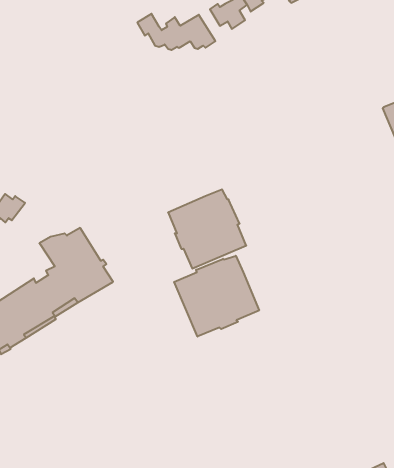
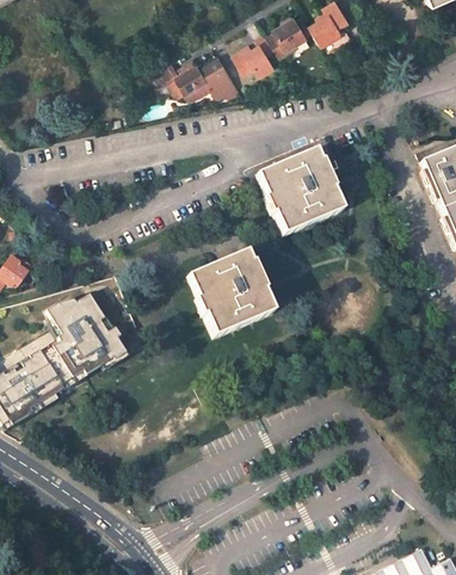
building: none -> [260,148,345,235]
building: [174,256,259,337] -> none

